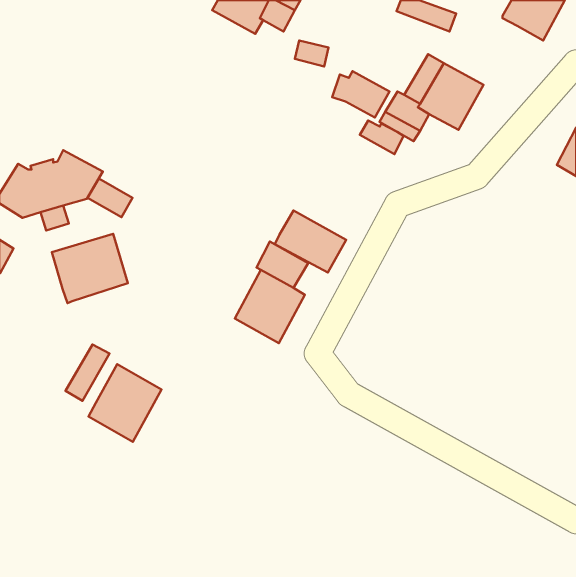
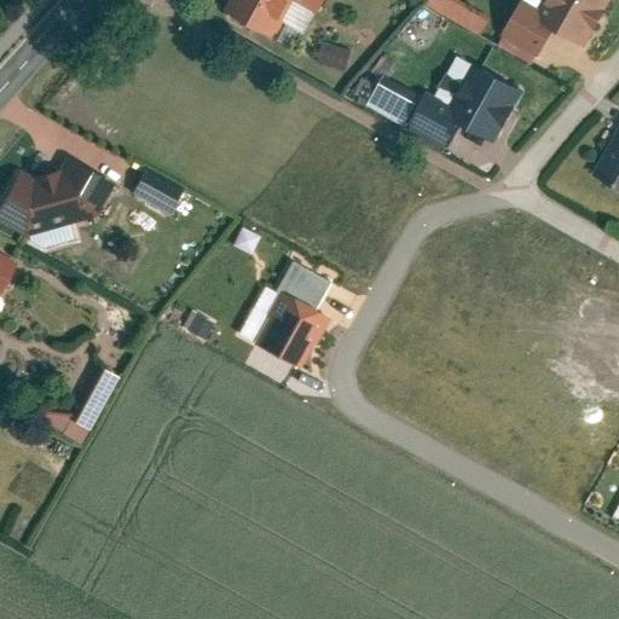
building: none -> [504,6,554,53]
building: [360,121,404,154] -> none
building: [87,179,133,217] -> [133,172,181,213]
building: [275,210,346,272] -> none
building: [52,234,128,303] -> none
building: [88,364,162,442] -> none

